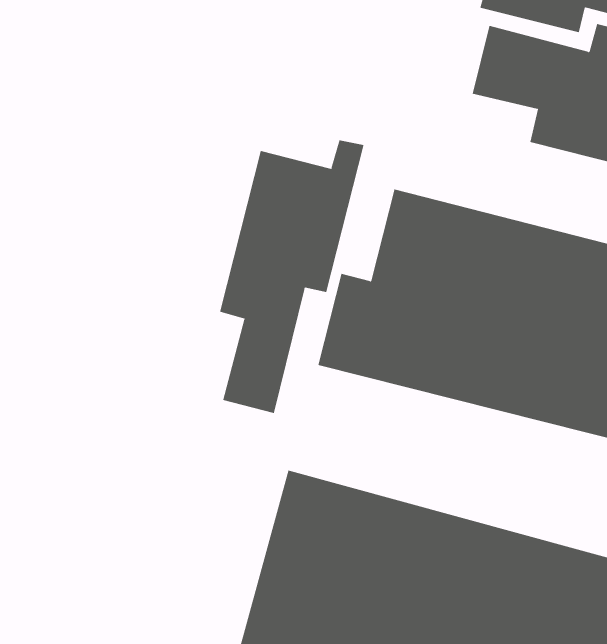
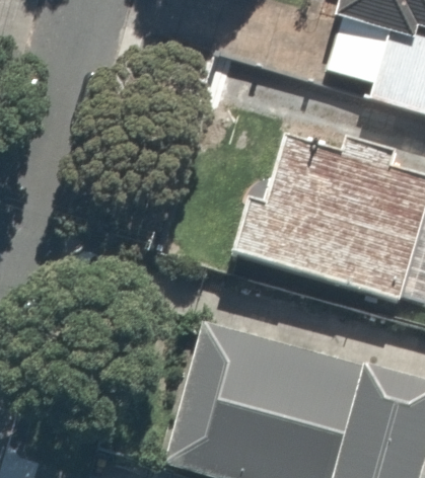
building: [220,139,364,414] -> none

